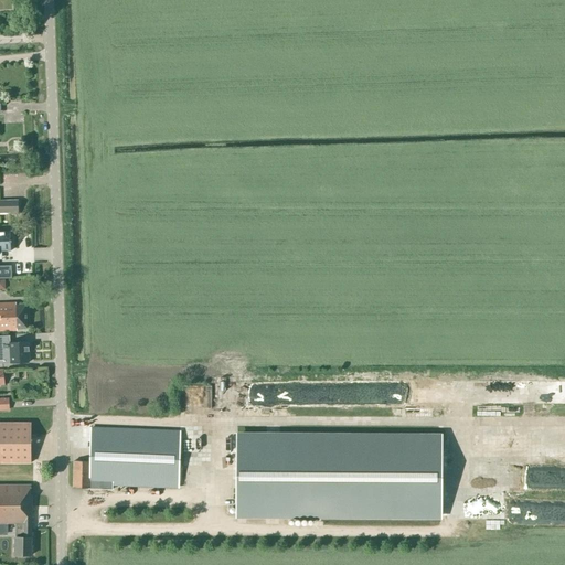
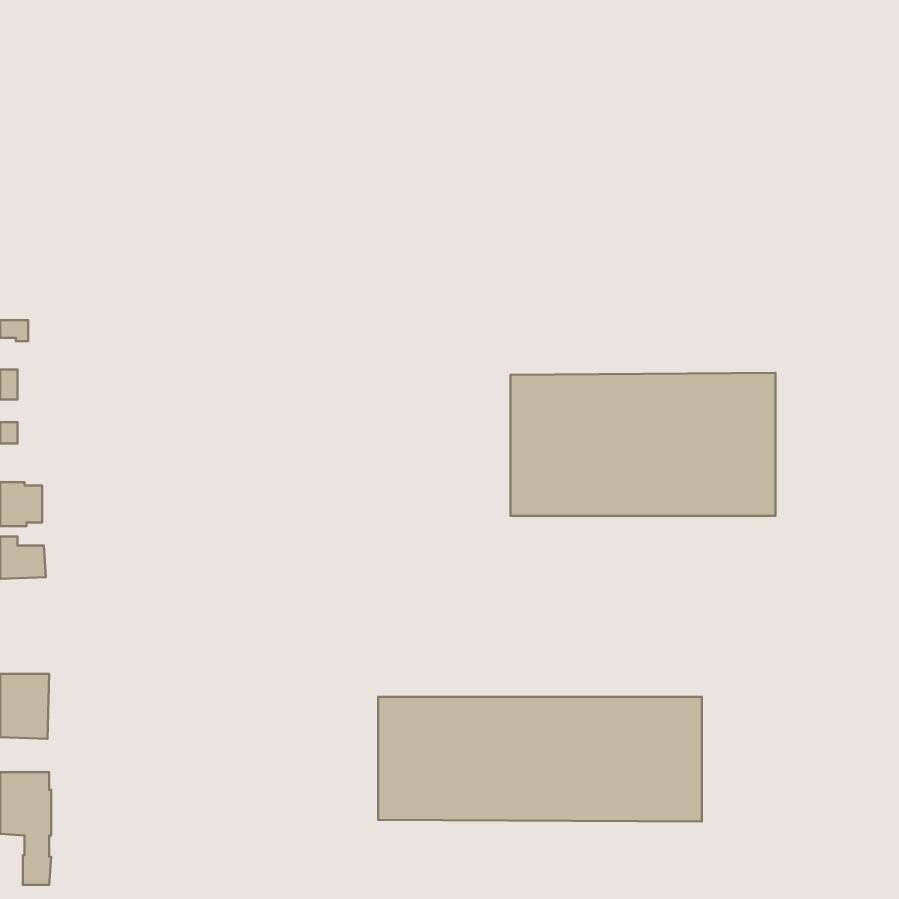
building: none -> [511,373,775,516]
building: [73,428,180,489] -> none

